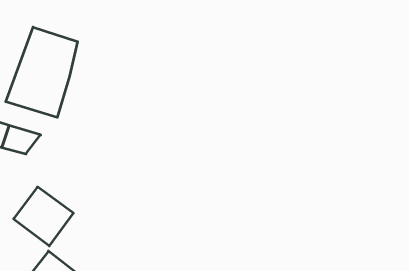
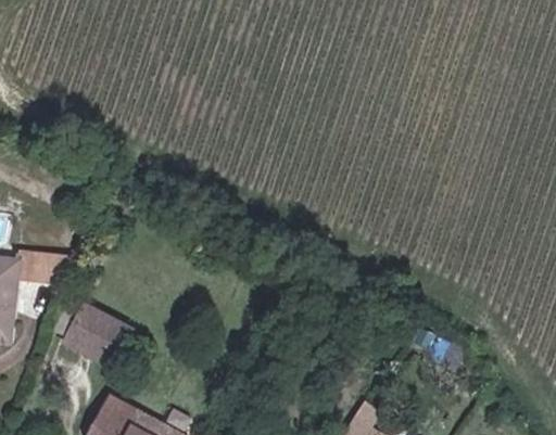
building: [6,27,78,117] -> none

